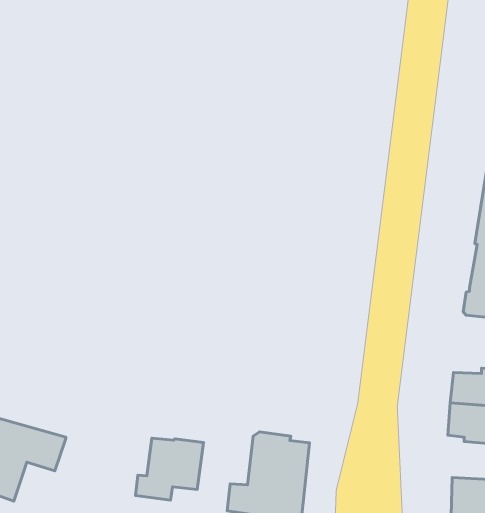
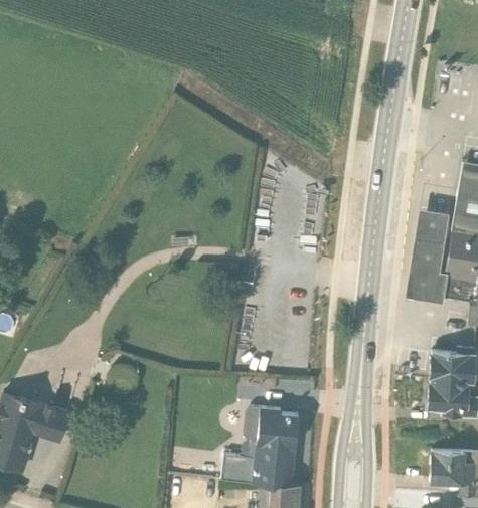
building: none -> [406,206,451,303]
building: [135,438,204,500] -> none

